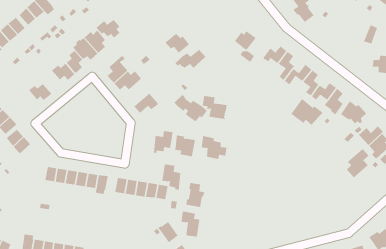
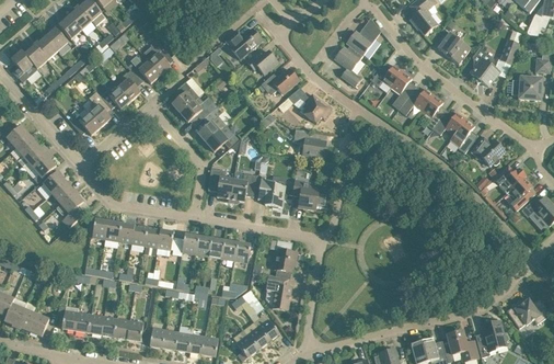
building: none -> [226,29,262,58]
building: none -> [346,29,379,55]
building: [95,19,120,38] -> none
building: none -> [437,33,470,64]
building: none -> [470,46,500,87]
building: none -> [88,91,111,126]
building: none -> [197,106,226,143]
building: [174,94,208,122] -> [287,87,331,123]
building: [290,98,323,125] -> none
building: none -> [55,192,83,227]
building: [346,148,369,178] -> none
building: [162,164,181,190] -> [207,168,232,202]

